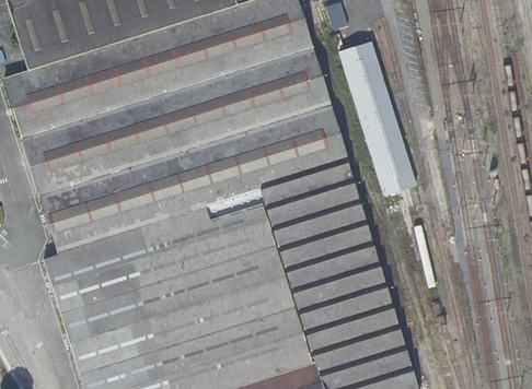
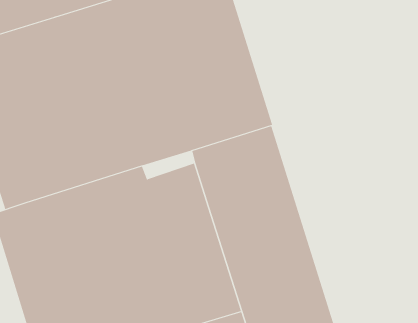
building: [340,43,416,197] -> none

